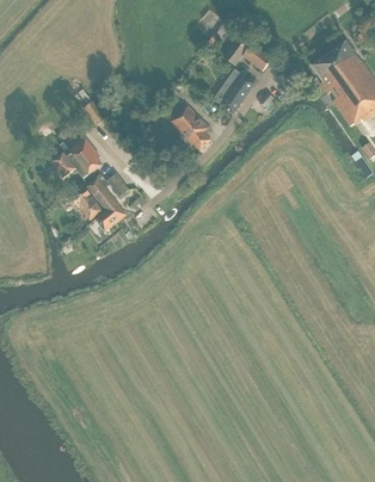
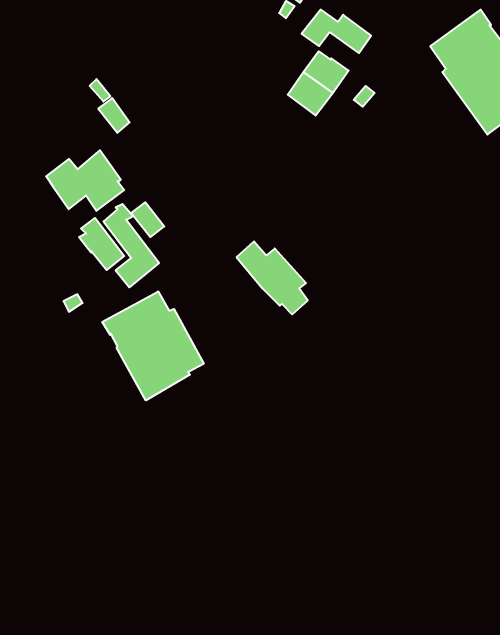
building: [161,100,210,150] -> [237,241,308,314]
building: none -> [102,291,204,400]

